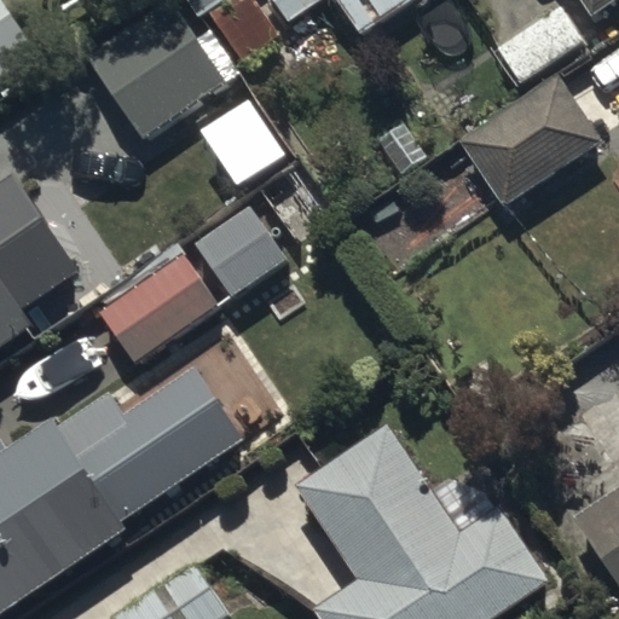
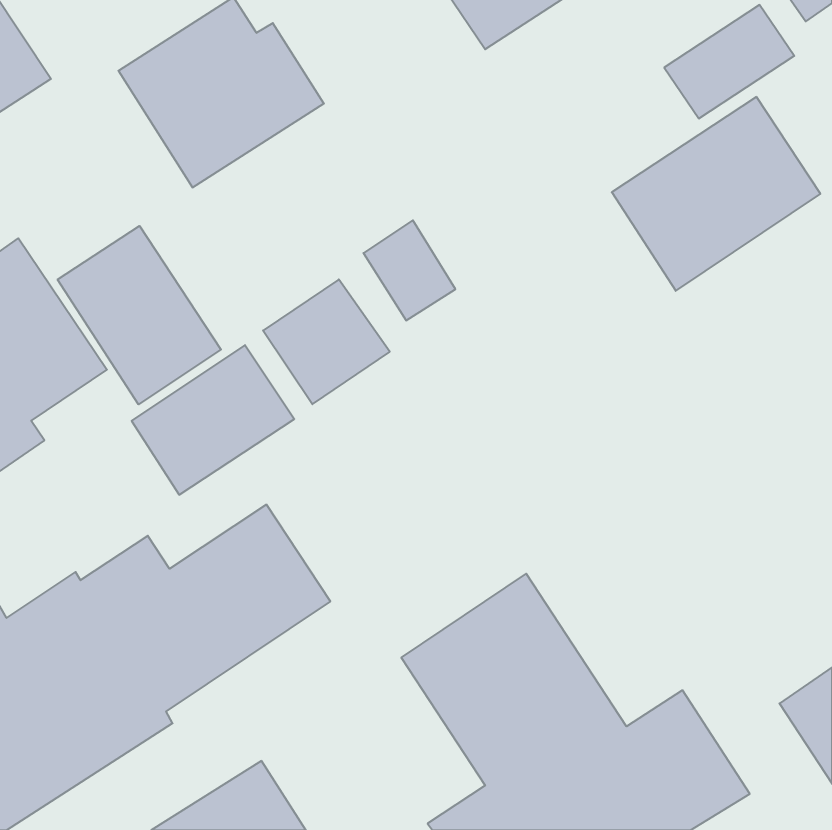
building: none -> [58,226,221,404]

